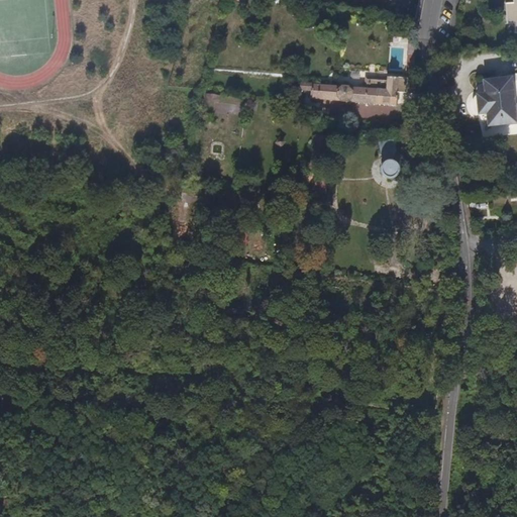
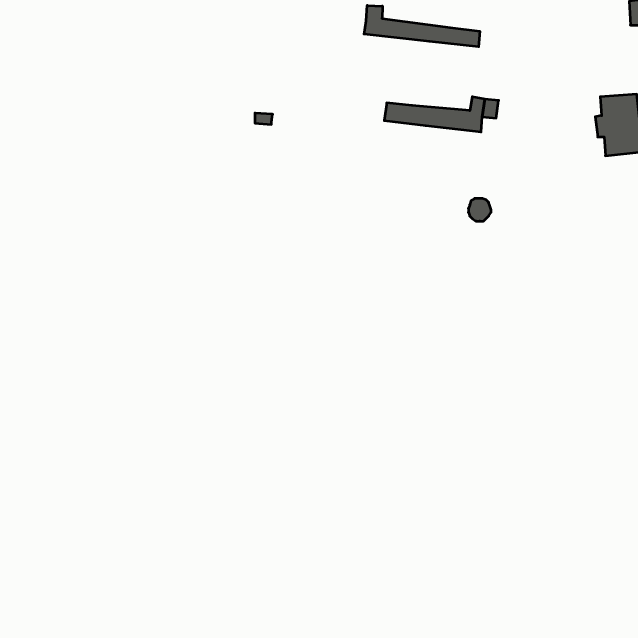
building: none -> [364,5,480,47]

